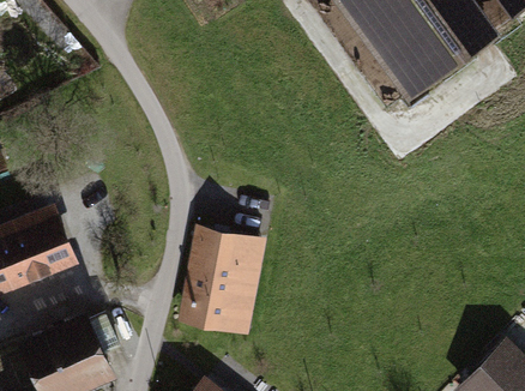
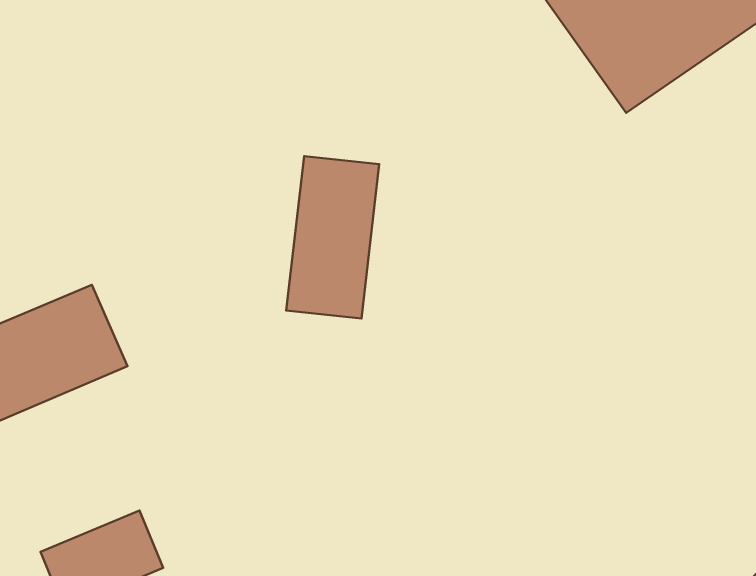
building: [191,237,247,336] -> [286,156,379,319]

